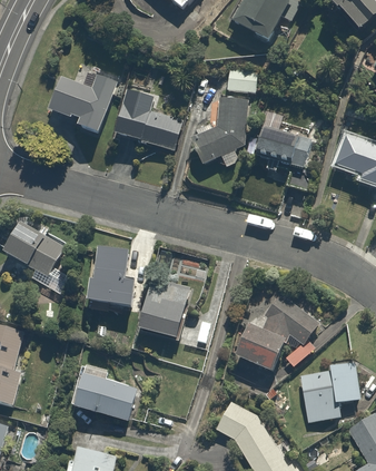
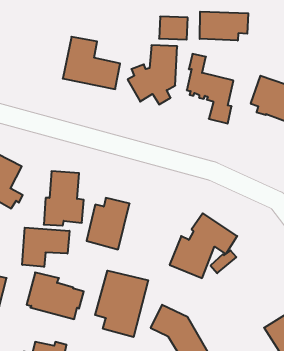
building: none -> [200,12,248,41]
building: [47,72,117,137] -> none
building: none -> [22,228,69,267]
building: [300,361,360,421] -> none
building: none -> [95,271,148,337]

